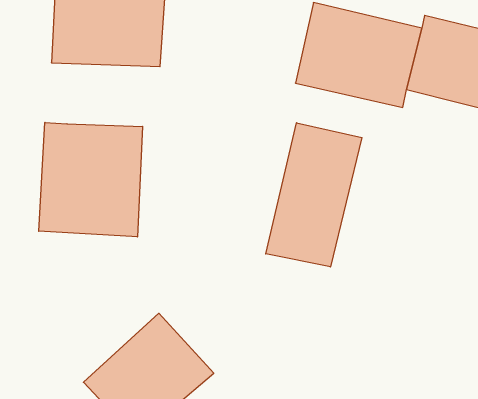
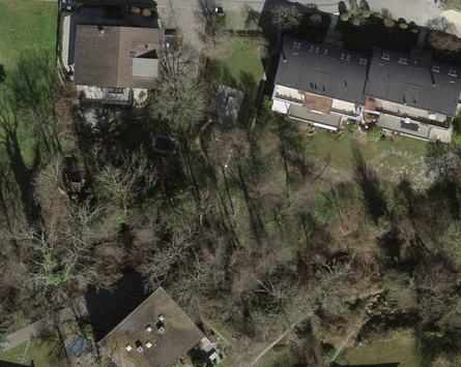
building: [39,122,143,237] -> none
building: [266,123,362,267] -> none

